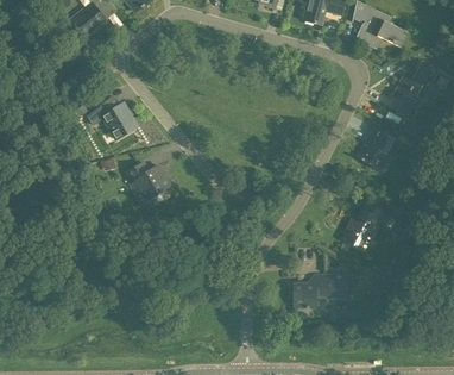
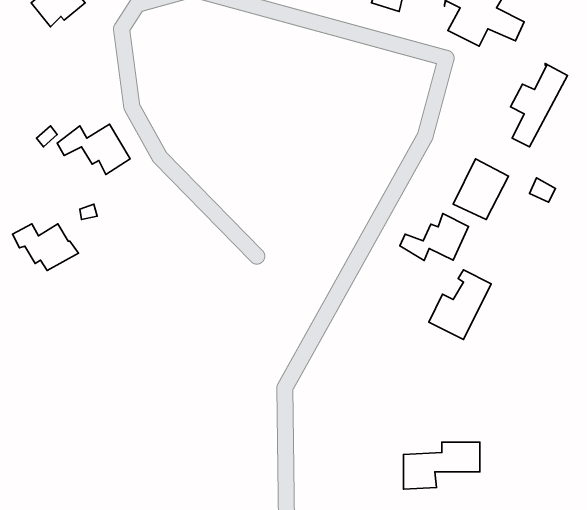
building: none -> [400,213,469,260]
building: [126,164,171,196] -> [13,224,79,271]
building: [294,275,346,307] -> [404,442,480,489]

